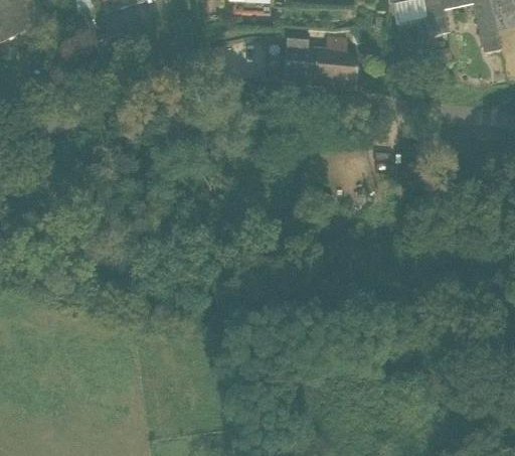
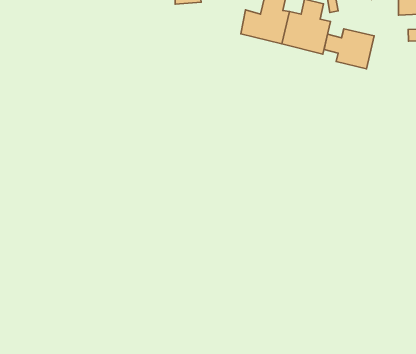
building: none -> [324,29,374,69]

